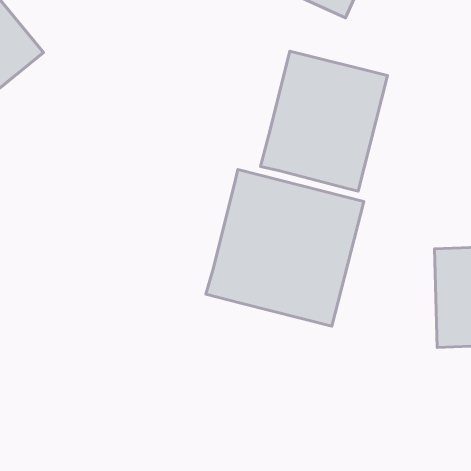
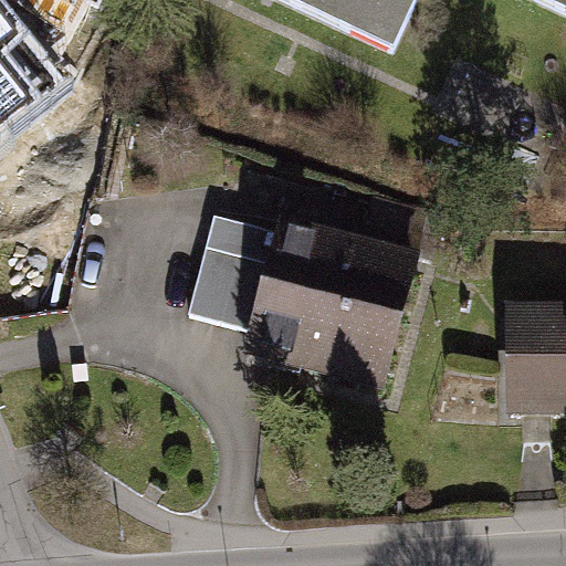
building: [261,51,387,191] -> none
building: none -> [187,217,272,328]

